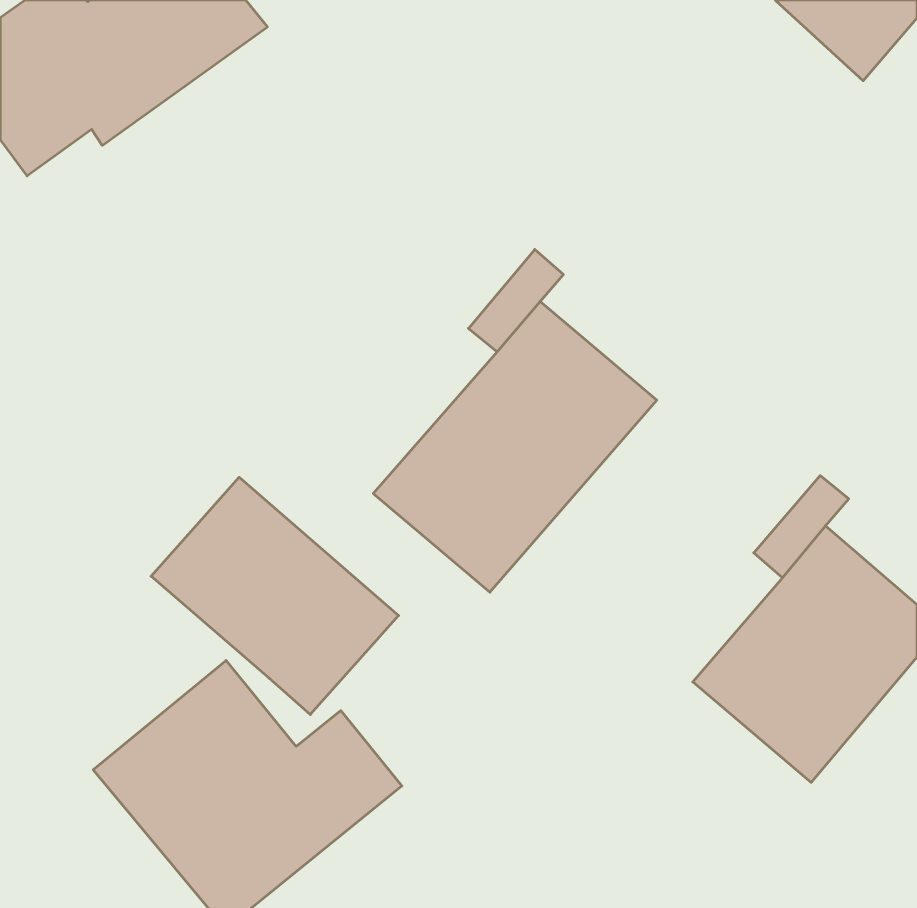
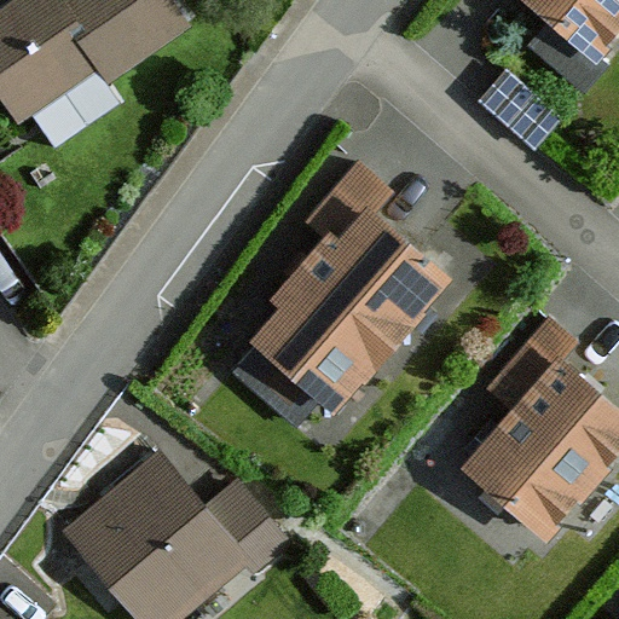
building: [151,477,399,715] -> none

